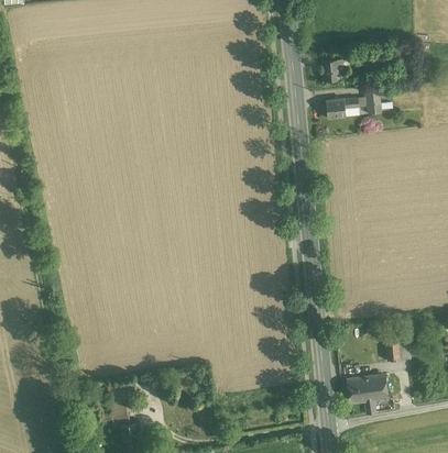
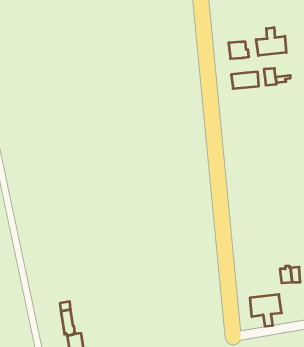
building: none -> [256,27,286,56]

